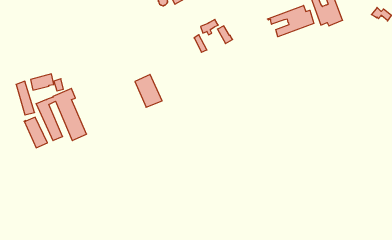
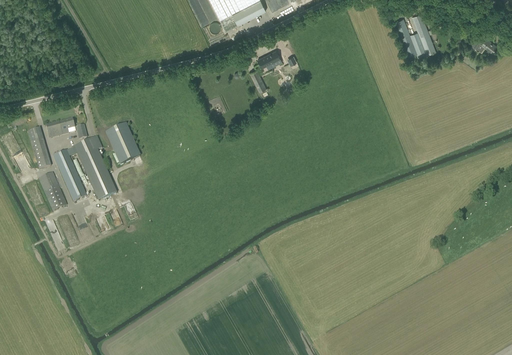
building: [267,5,314,37] -> none
building: [135,74,162,107] -> [106,122,140,163]

